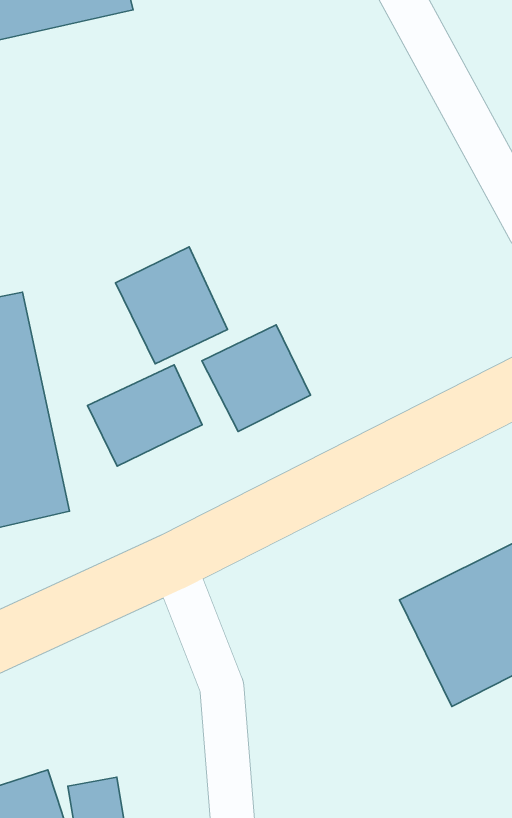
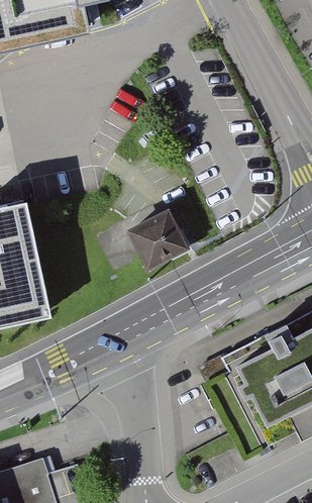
building: [116,247,228,364] -> none
building: [88,365,202,466] -> none

